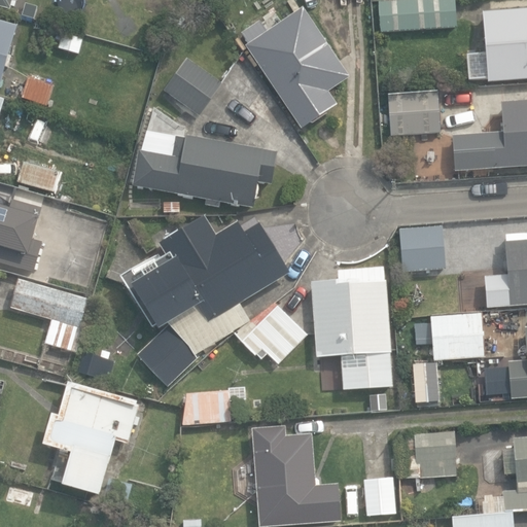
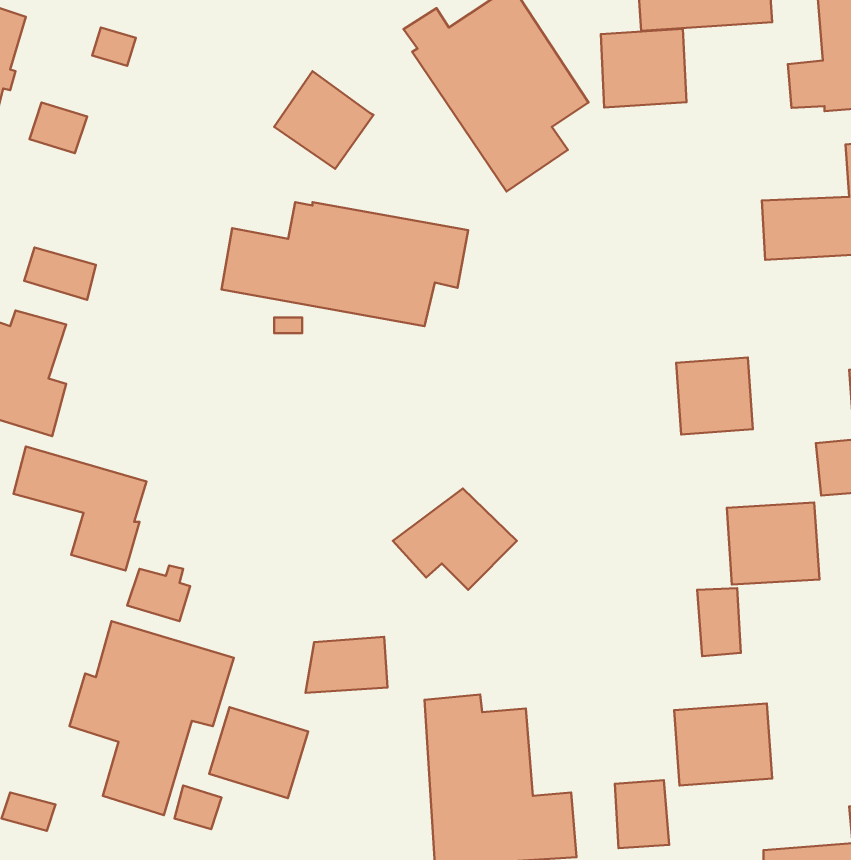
building: [389,89,440,135] -> [601,29,686,107]
building: [122,216,289,387] -> none
building: [311,268,392,389] -> none
building: none -> [209,707,308,798]

